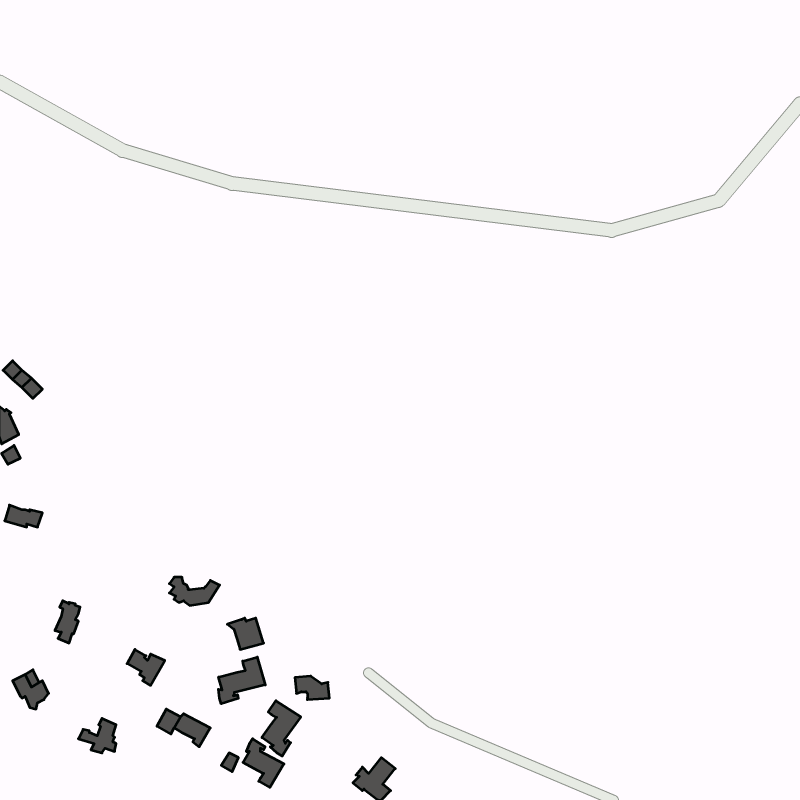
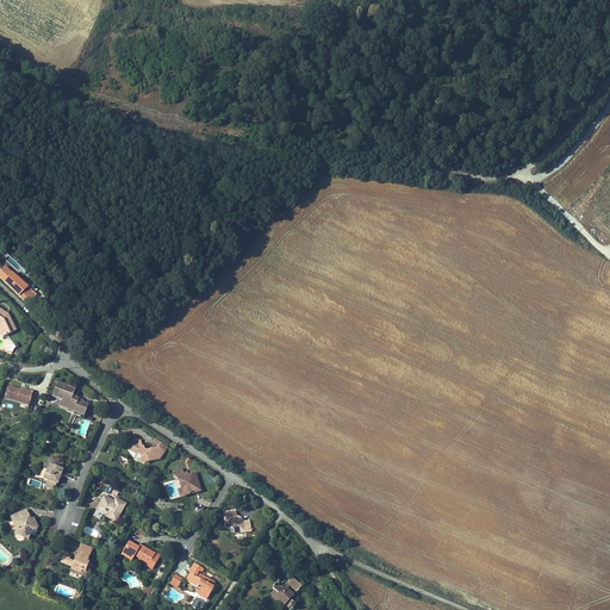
building: none -> [50,380,88,413]
building: [218,657,265,704] -> none
building: [262,701,301,756] -> none

